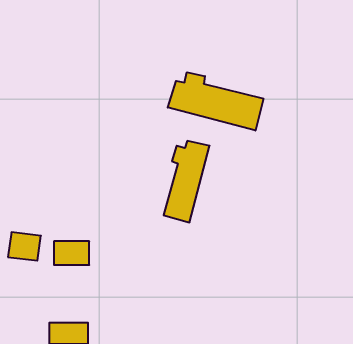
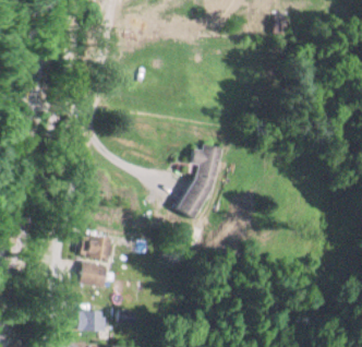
building: [168,72,263,131] -> none
building: [8,232,41,261] -> [77,260,108,286]

